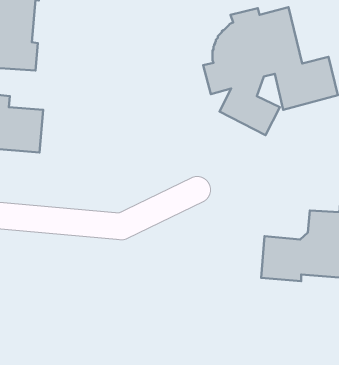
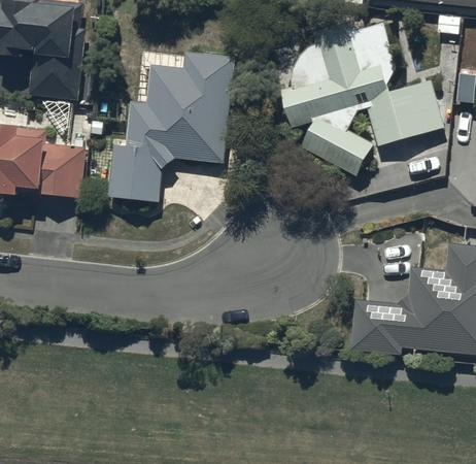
building: none -> [107,53,234,203]

